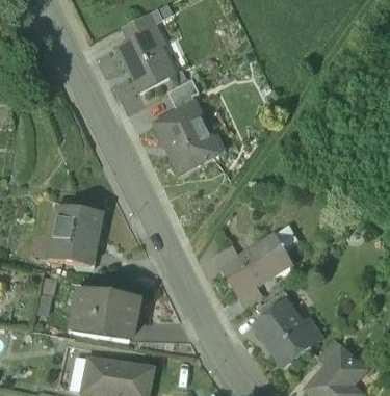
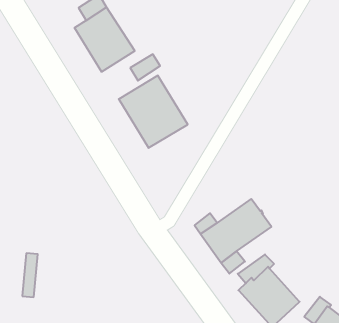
building: [50,202,102,263] -> none
building: [73,286,137,337] -> none

